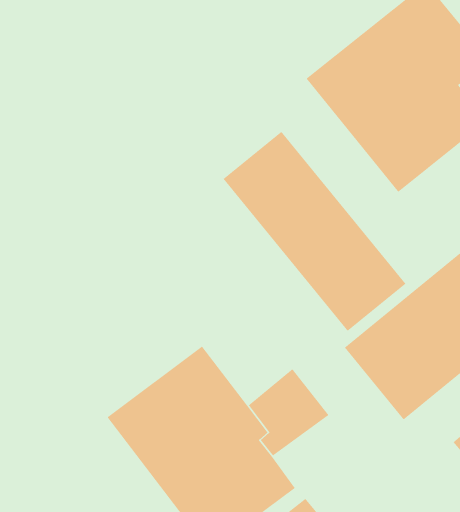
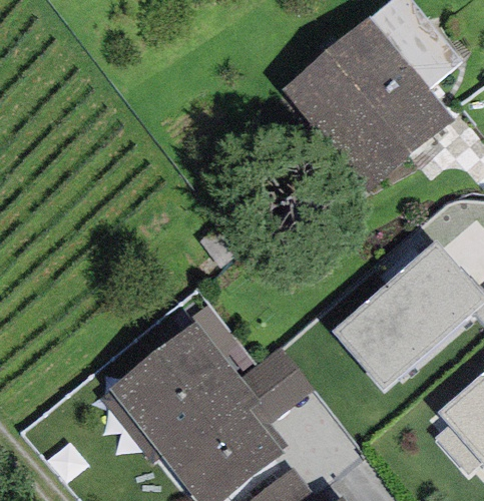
building: [222,131,406,332] -> none

